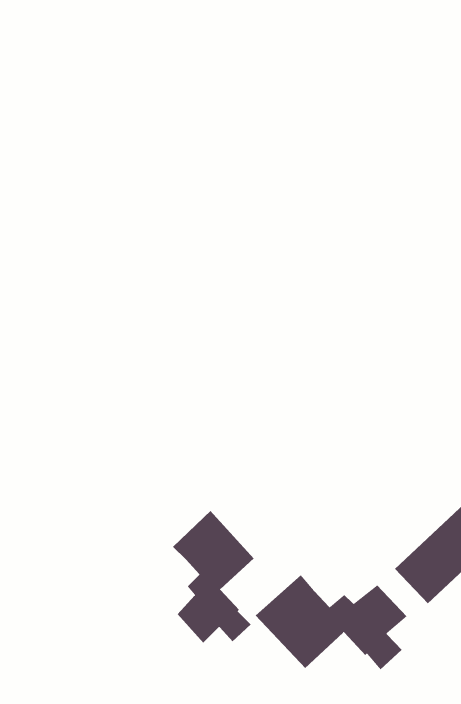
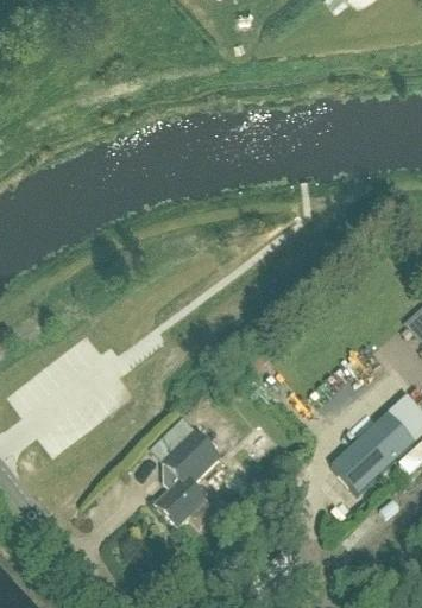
building: [255,575,407,670] -> none

